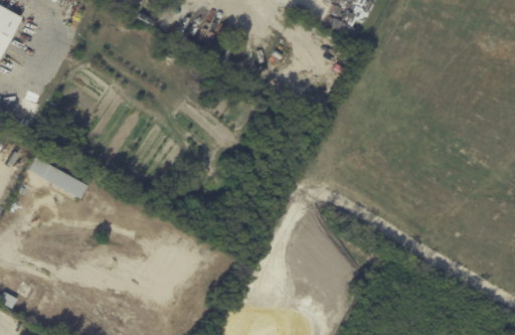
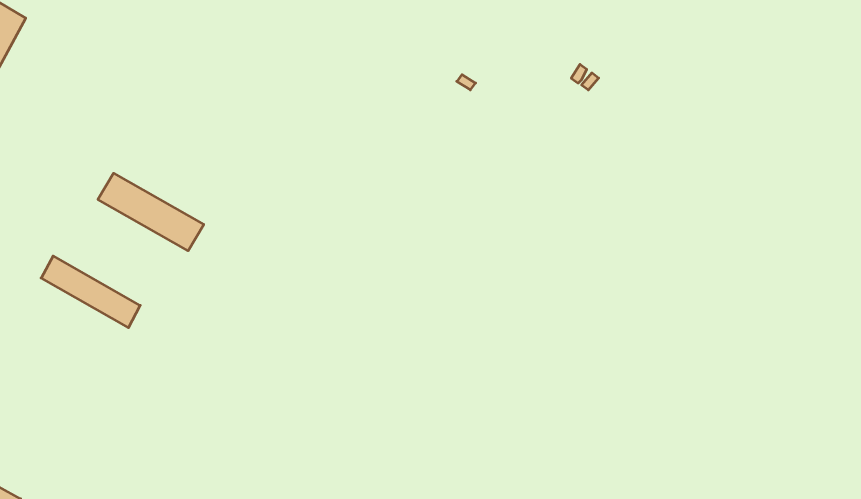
building: none -> [98,173,204,251]

